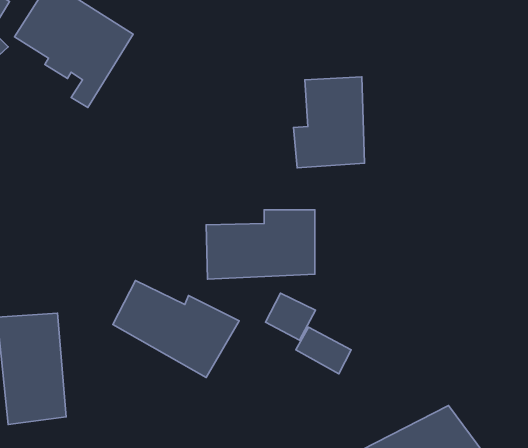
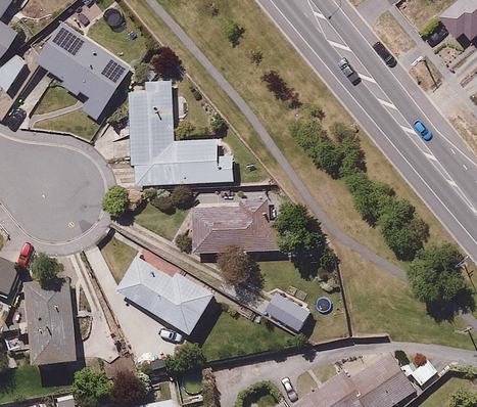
building: none -> [128,83,231,186]
building: [293,77,364,168] -> none
building: [266,293,316,340] -> none

